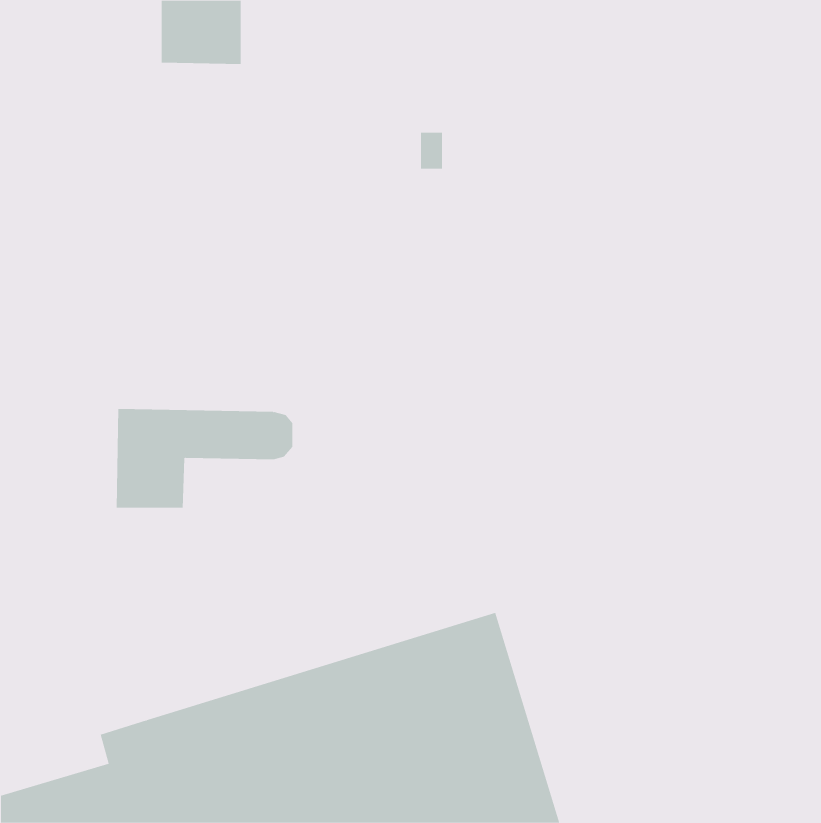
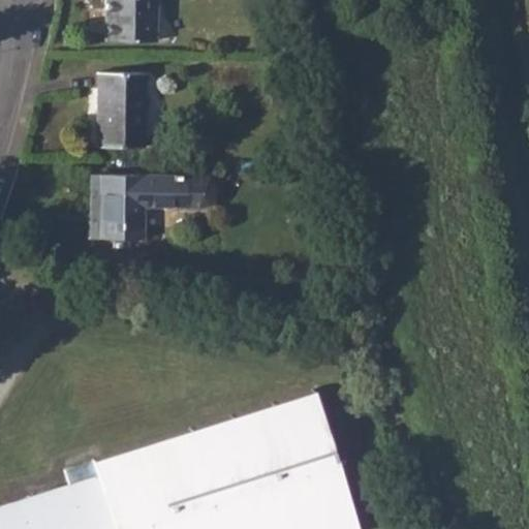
building: none -> [96,72,144,147]
building: [116,408,293,508] -> [98,175,212,239]

